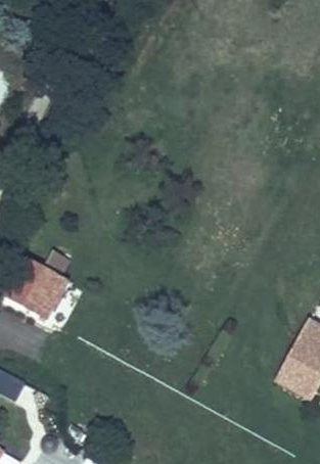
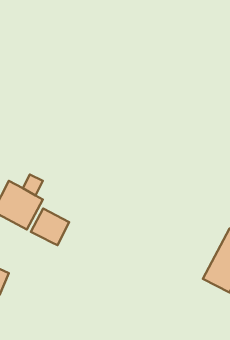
building: none -> [31,208,69,245]

